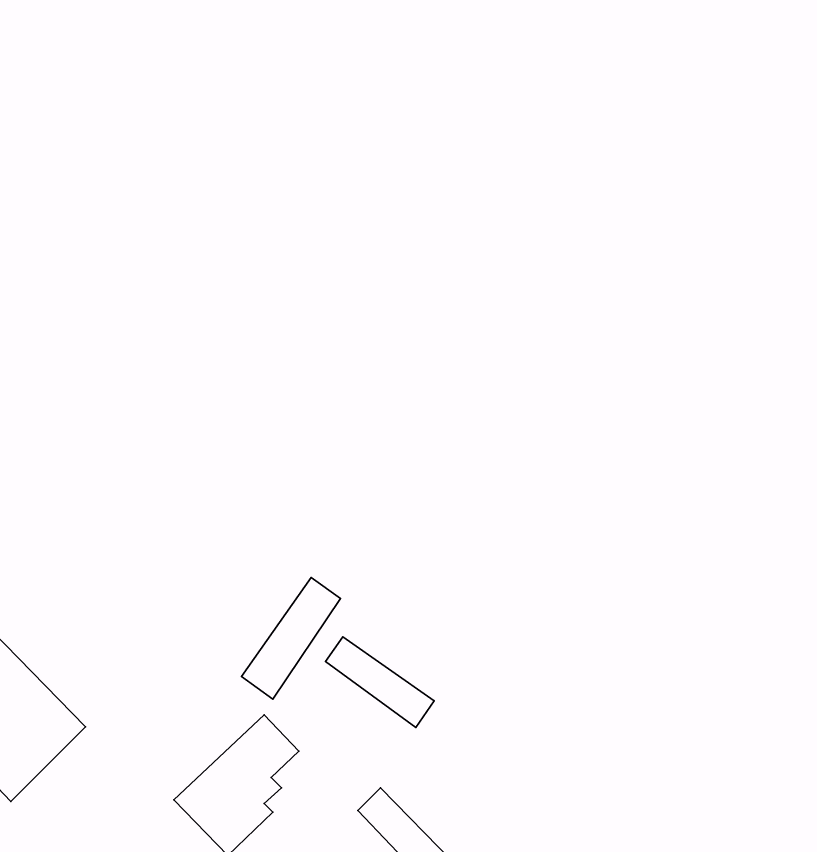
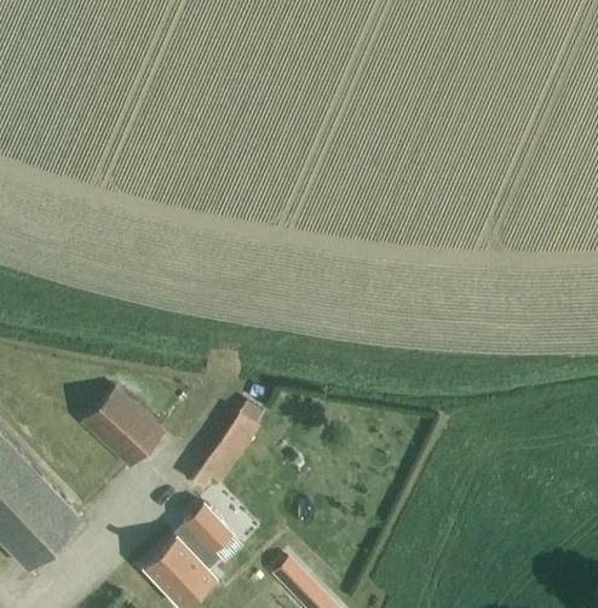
building: none -> [80,388,162,468]
building: [325,637,434,728] -> none

